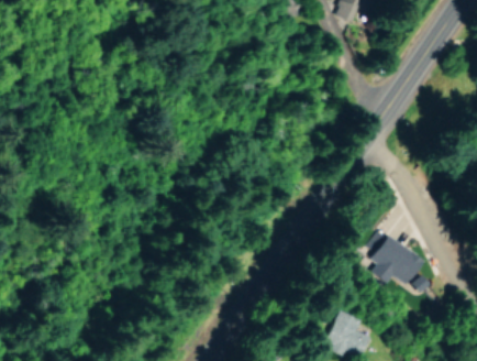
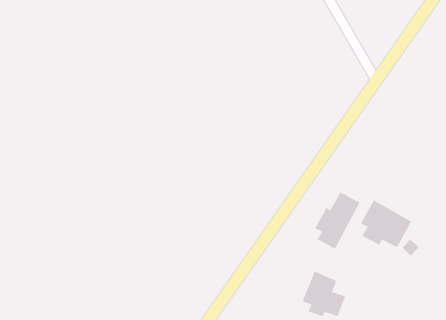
building: none -> [314,192,360,250]

